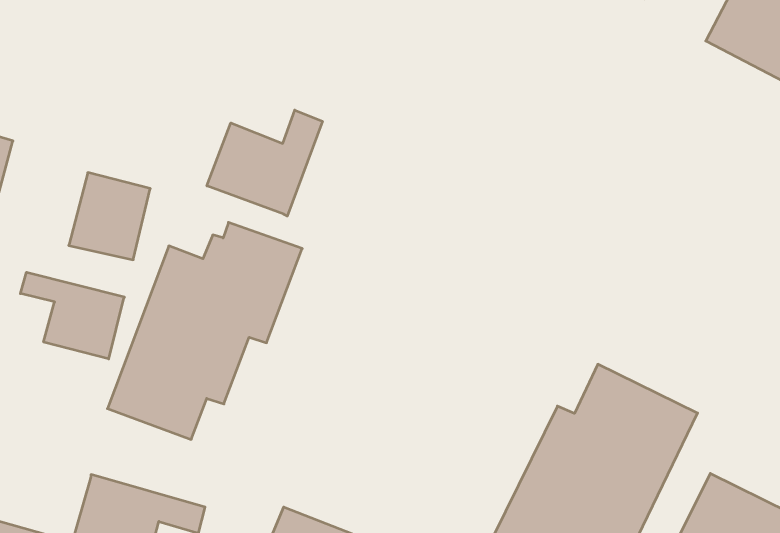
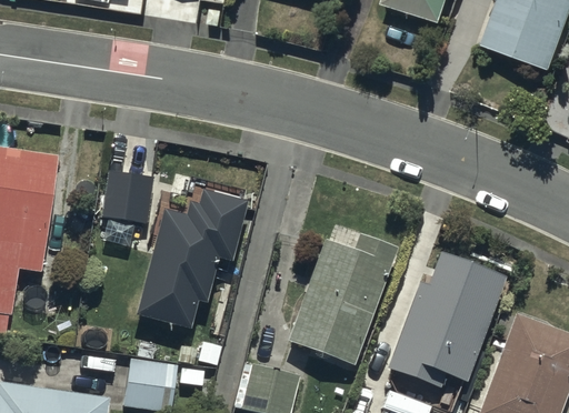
building: [207,110,322,216] -> none
building: [20,272,124,359] -> none
building: none -> [288,235,397,364]

